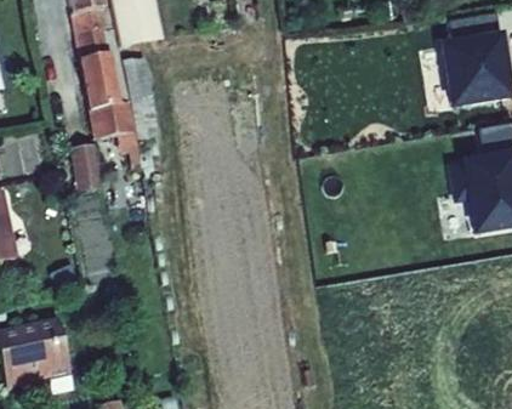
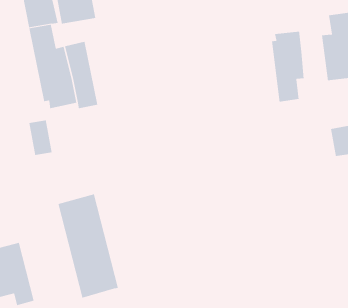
building: none -> [272,31,304,103]
building: none -> [58,194,118,298]

